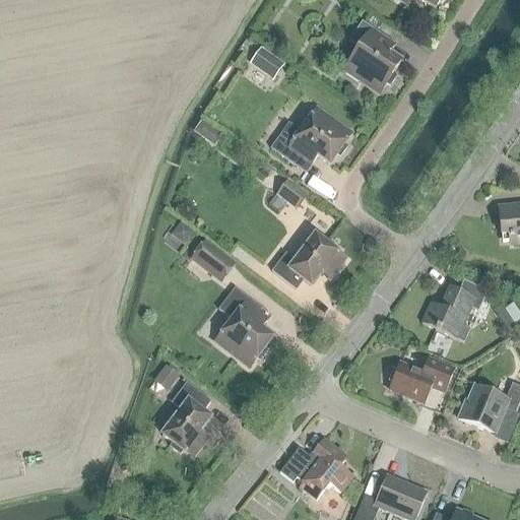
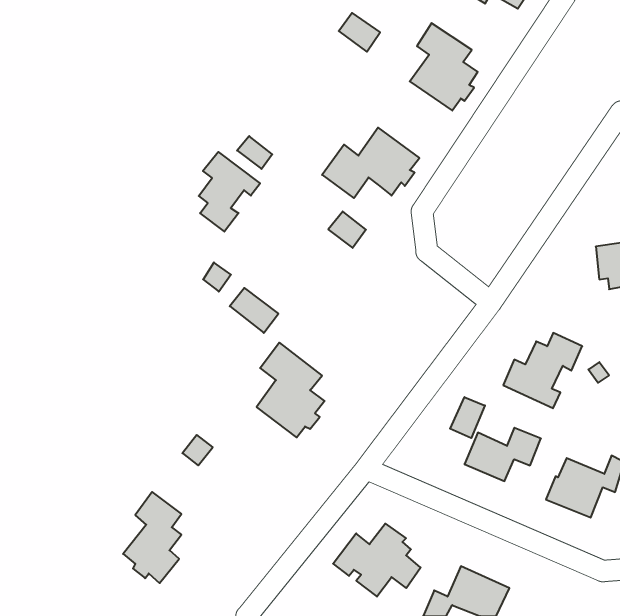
building: [250,46,284,78] -> [339,13,380,52]
building: none -> [199,152,260,232]
building: [271,234,345,288] -> none
building: none -> [450,397,485,438]
building: [161,381,210,457] -> [123,492,181,583]

